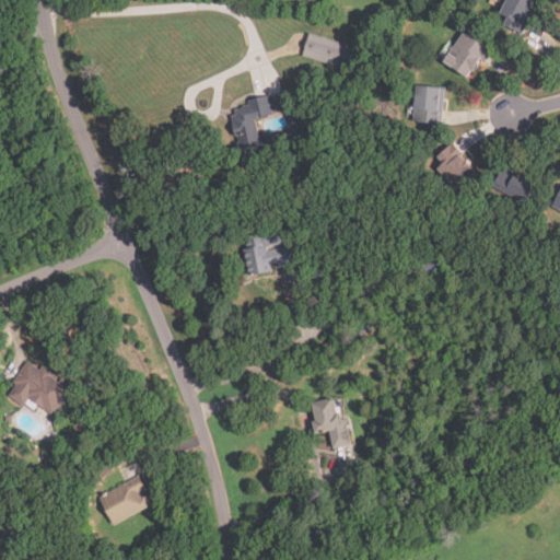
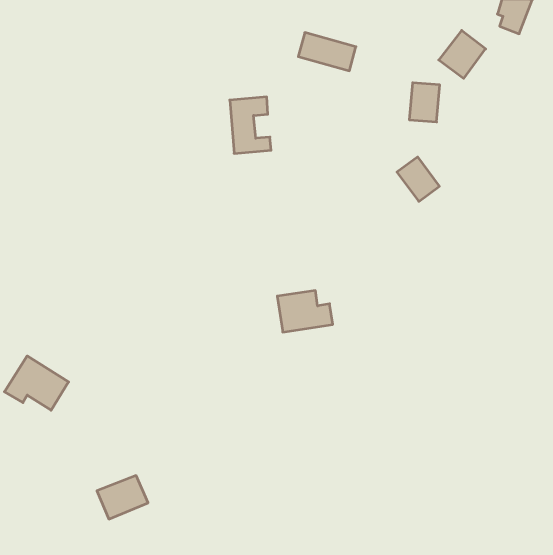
building: [431,142,474,187] -> [397,157,439,201]
building: [490,165,534,202] -> none
building: [241,231,296,272] -> [277,291,333,332]
building: [307,395,347,447] -> none

